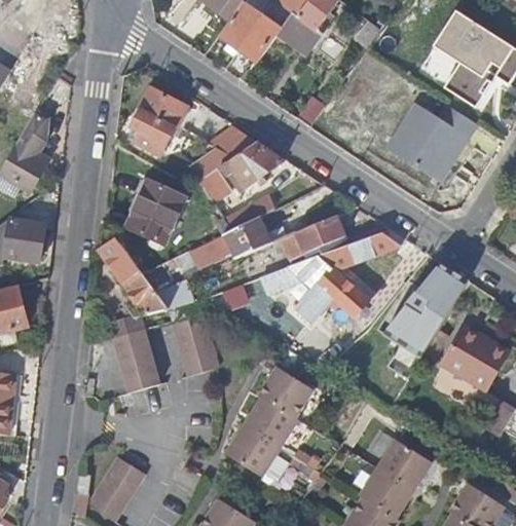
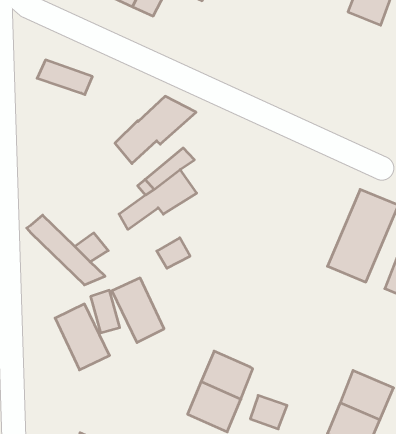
building: [388,102,479,182] -> none
building: [124,104,174,155] -> none
building: [206,123,254,156] -> none
building: [126,179,186,242] -> none
building: [273,218,344,260] -> none
building: [274,233,393,321] -> none
building: [258,368,312,420] -> none

